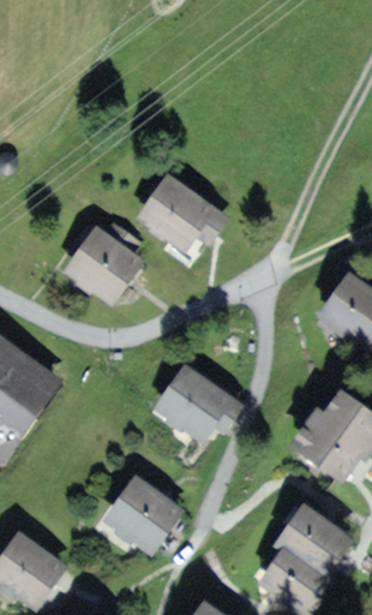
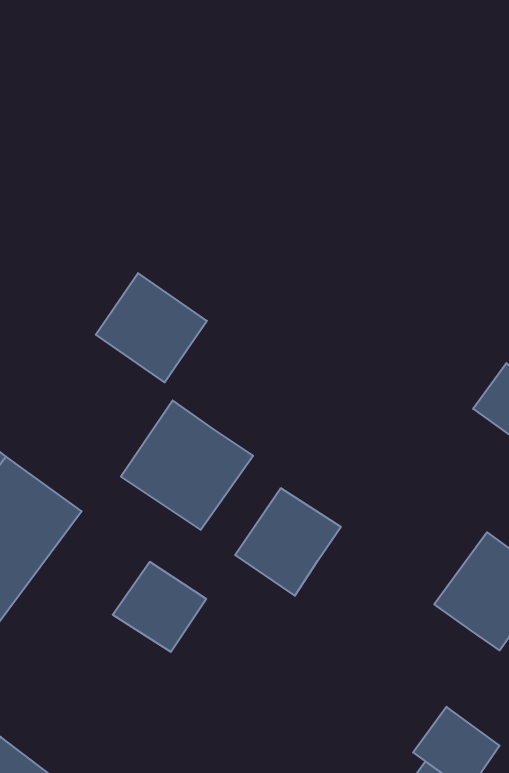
building: [137,172,212,245] -> none
building: none -> [121,400,253,530]
building: [113,490,176,551] -> [113,562,206,652]

